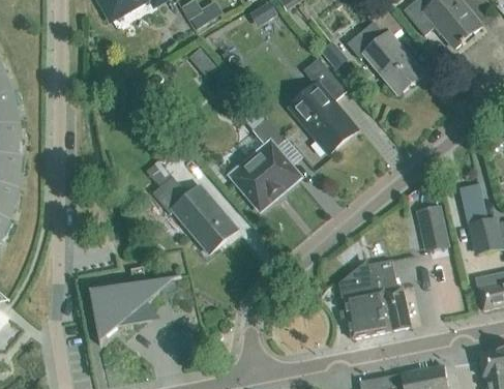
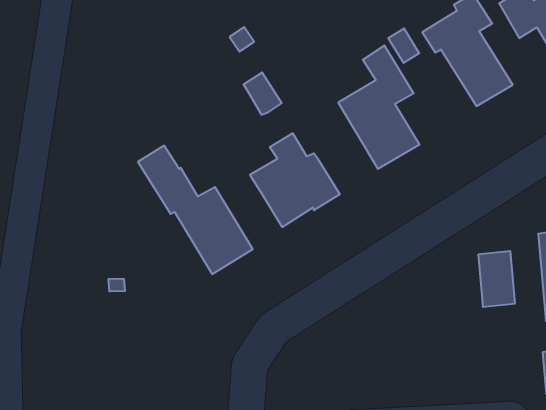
building: [254,119,286,152] -> [243,72,282,115]
building: [343,259,412,337] -> none
building: [90,276,181,345] -> none

